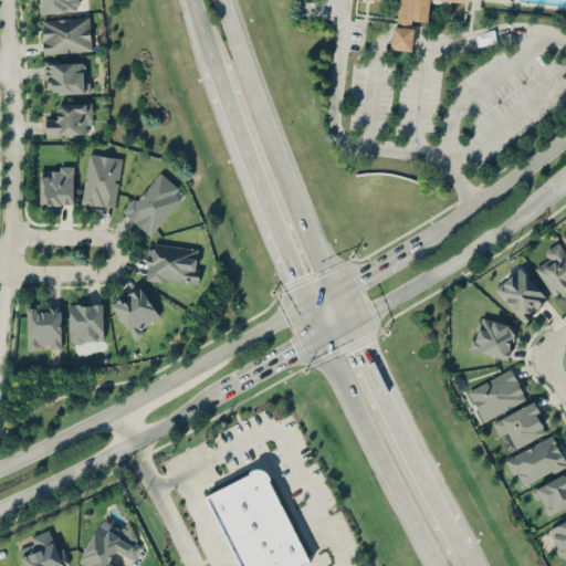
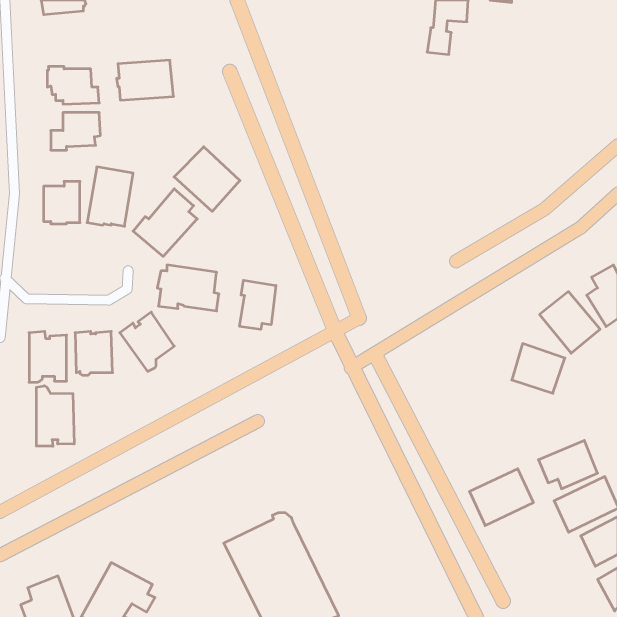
building: [41,18,93,54] -> [117,60,174,100]
building: none -> [174,147,240,211]
building: none -> [240,280,276,329]
building: none -> [36,386,74,446]
building: [468,369,526,421] -> [469,469,533,526]

